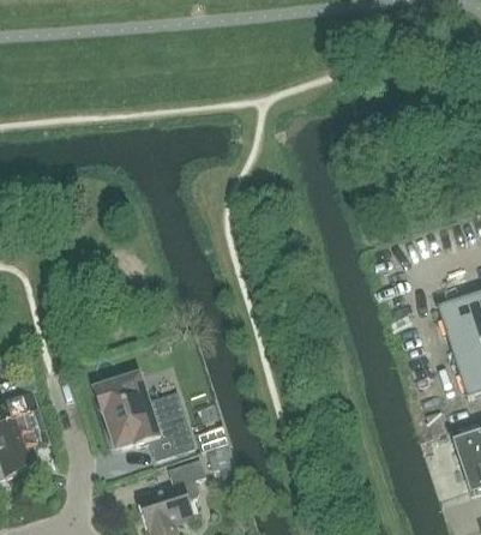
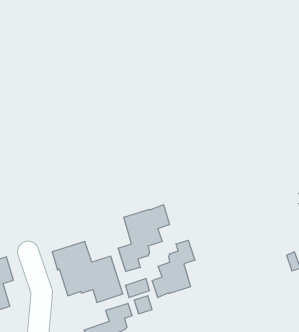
building: none -> [118,205,170,272]
building: none -> [152,240,195,298]

